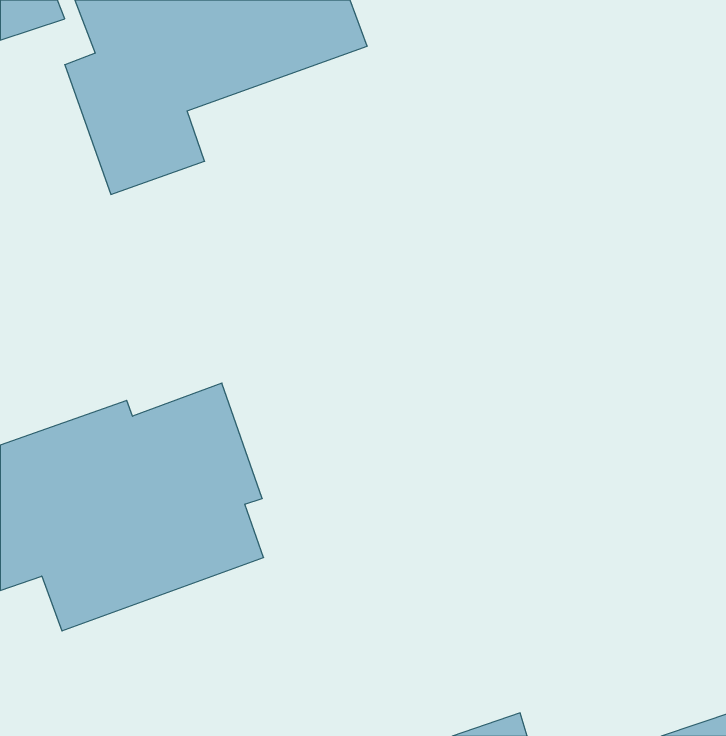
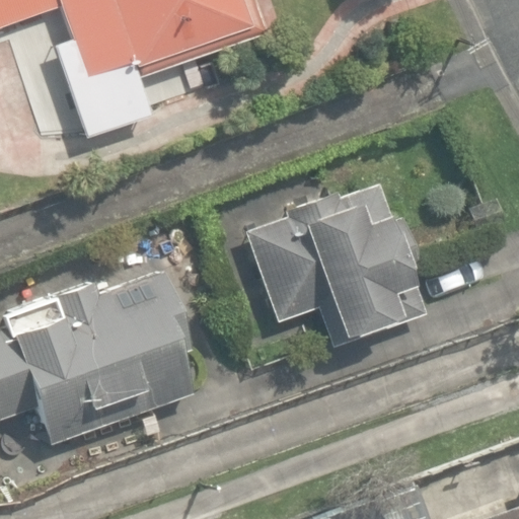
building: none -> [246,181,426,349]

